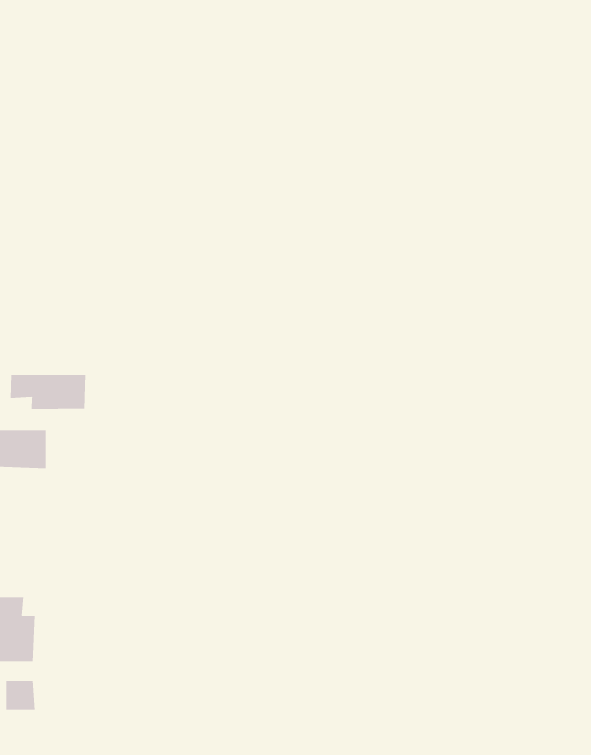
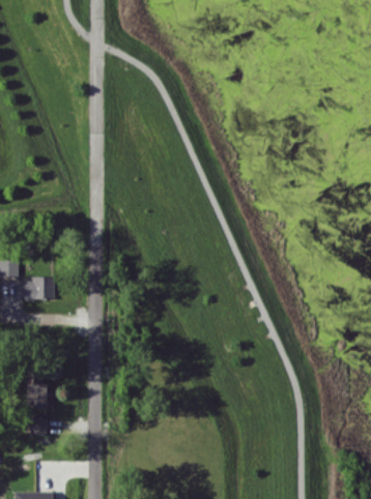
building: [10,374,86,410] -> none

